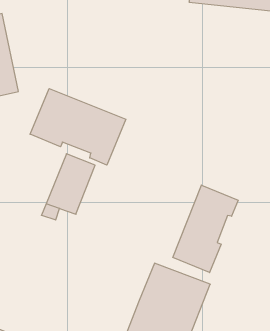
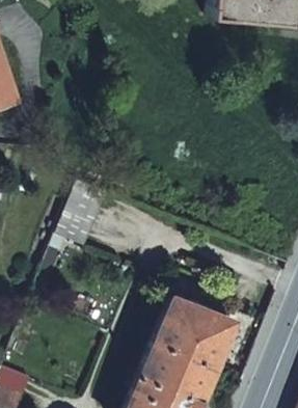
building: [30,89,126,165] -> none
building: [173,185,238,273] -> none

